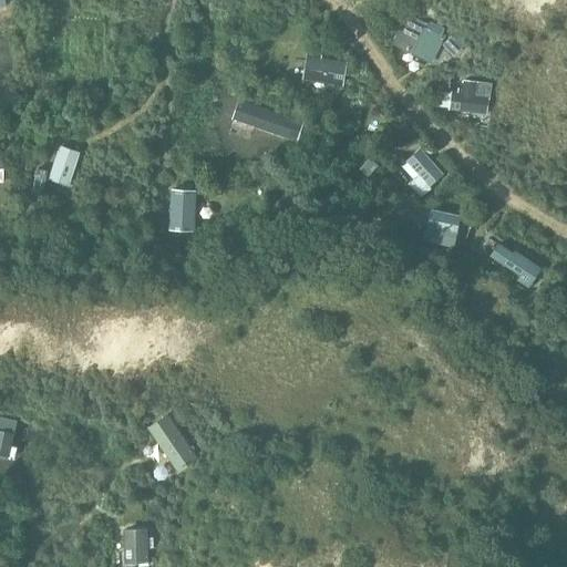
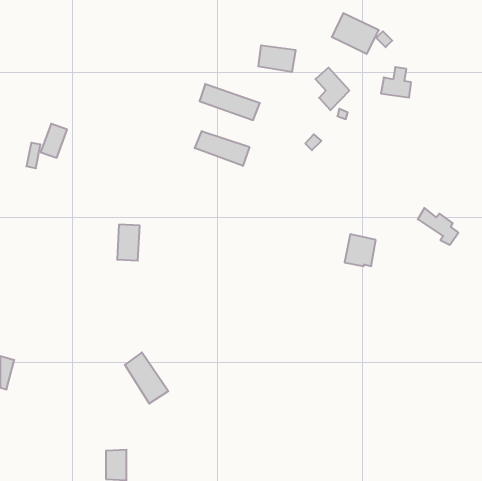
building: [404,148,444,198] -> [315,68,349,110]
building: none -> [195,131,249,166]
building: [171,188,197,230] -> [117,225,140,261]
building: [423,209,460,247] -> [345,234,376,266]

